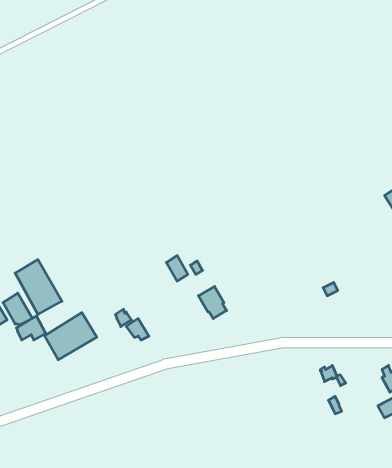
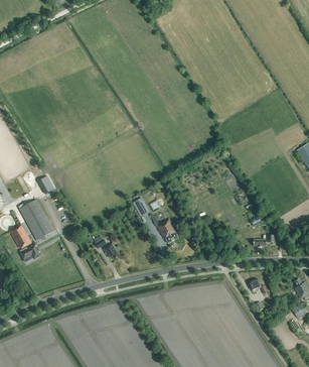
building: [44,313,97,360] -> none

